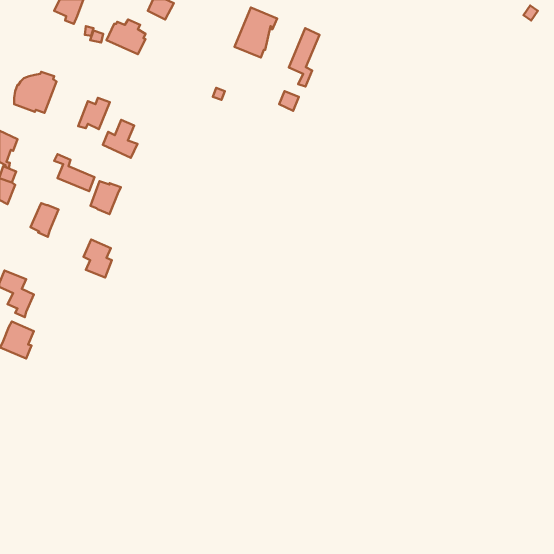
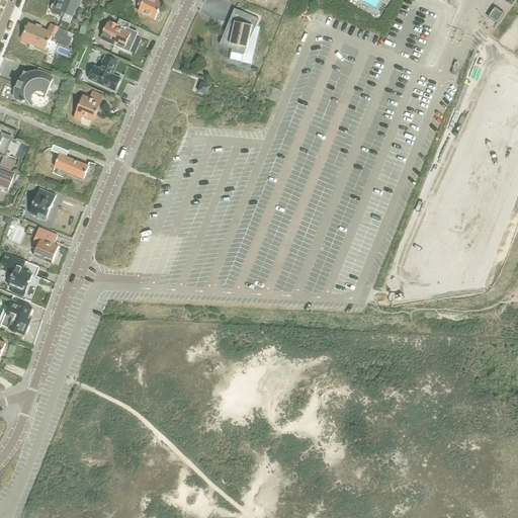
building: none -> [20,22,72,49]
building: [289,28,319,87] -> none
building: [103,120,137,158] -> [88,54,120,89]
building: [91,181,121,214] -> none
building: [84,239,112,278] -> [31,227,58,262]

